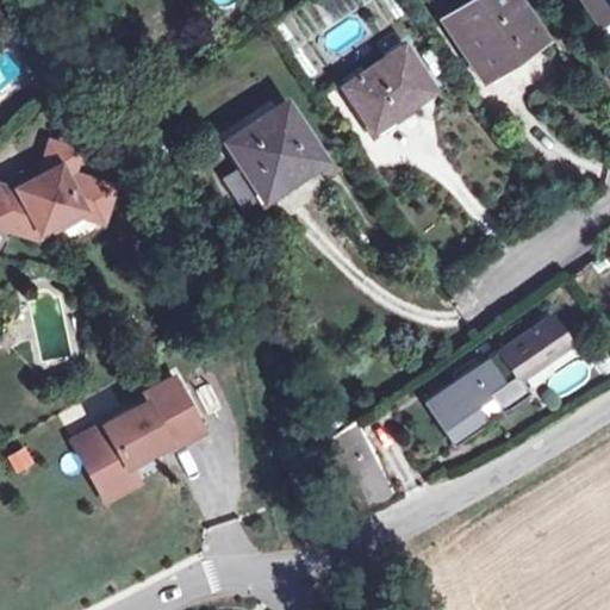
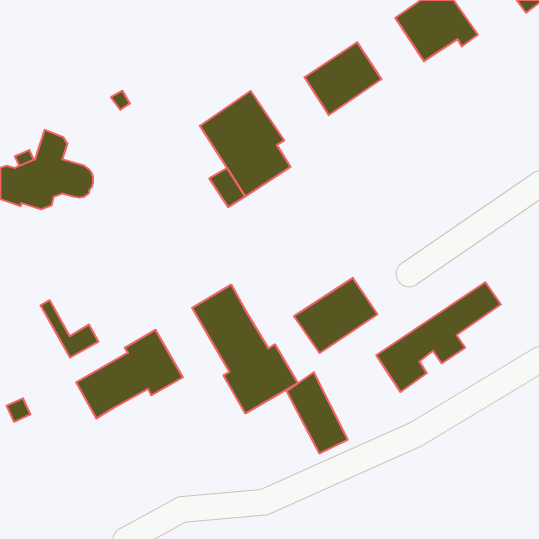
building: none -> [294,278,377,353]
building: none -> [192,285,298,413]
building: [76,432,142,497] -> [40,300,99,357]

